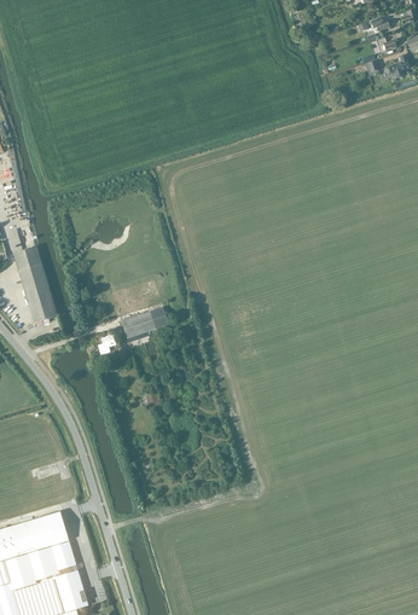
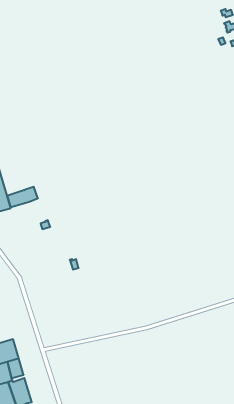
building: [121,308,167,338] -> [7,187,38,207]

